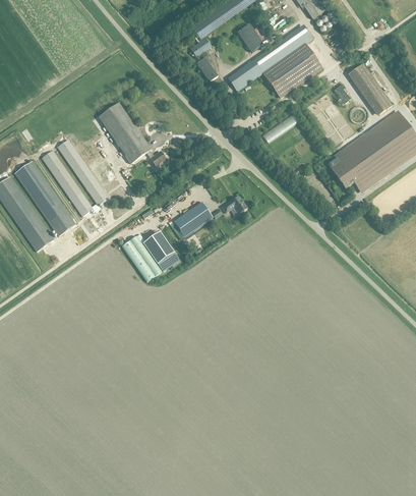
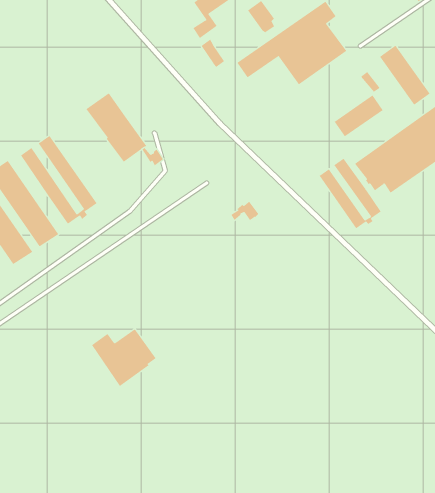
building: none -> [334,95,383,137]
building: none -> [319,158,382,229]
building: [171,202,213,239] -> none
building: [122,231,178,281] -> [91,328,156,387]

